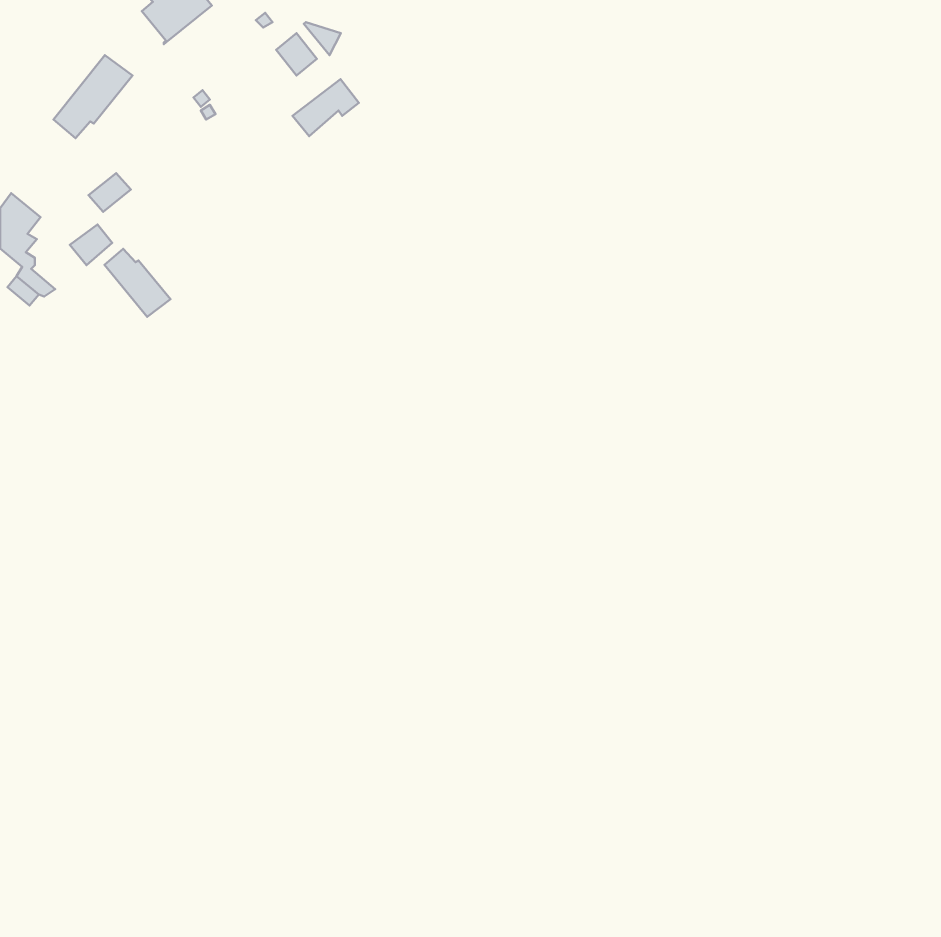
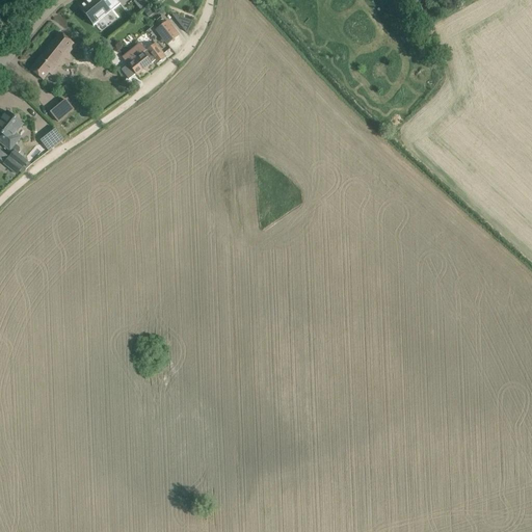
building: [293,79,359,136] -> [128,42,165,74]
building: [105,249,171,317] -> none

